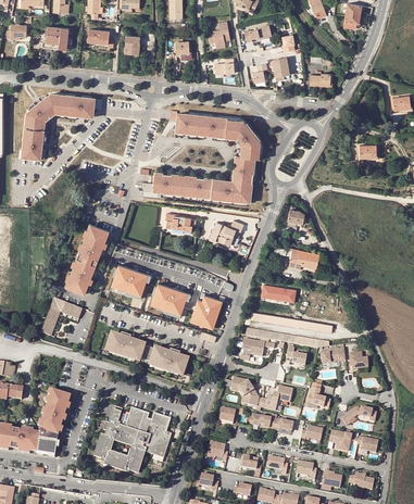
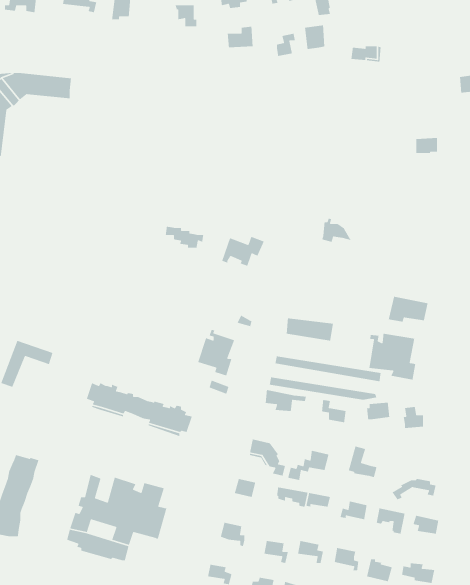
building: [141,113,263,202] -> none
building: [67,225,109,294] -> none
building: [288,249,319,269] -> [388,296,429,322]
building: [112,264,149,295] -> none
building: [152,284,188,314] -> none
building: none -> [368,333,416,381]

